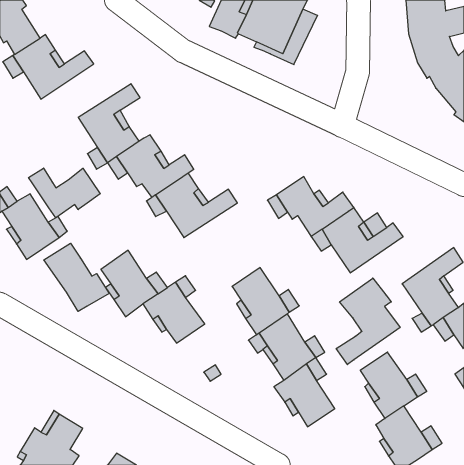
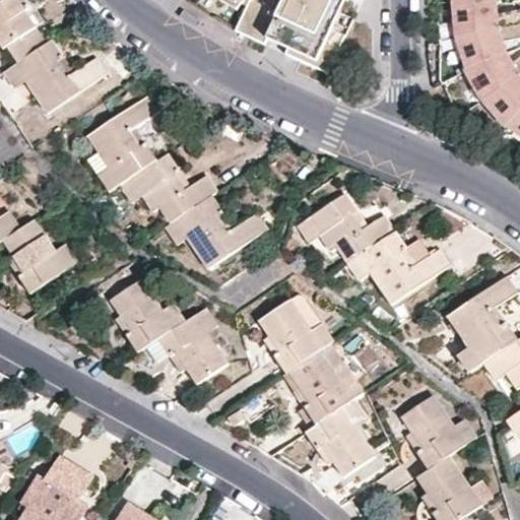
building: [29,168,100,218] -> none
building: [44,243,109,311] -> none
building: [336,278,400,365] -> none

